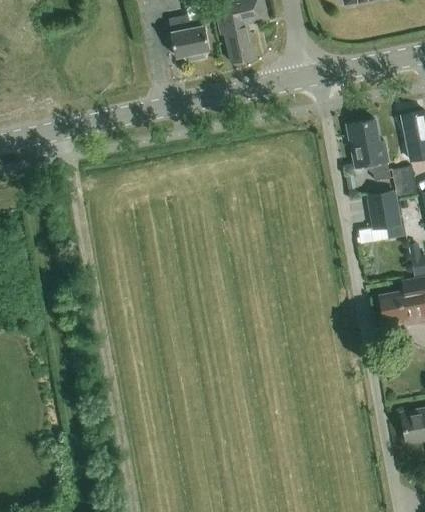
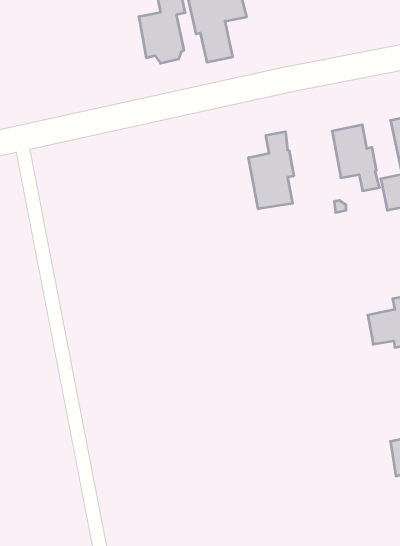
building: none -> [249,132,294,209]
building: [366,190,405,240] -> none

